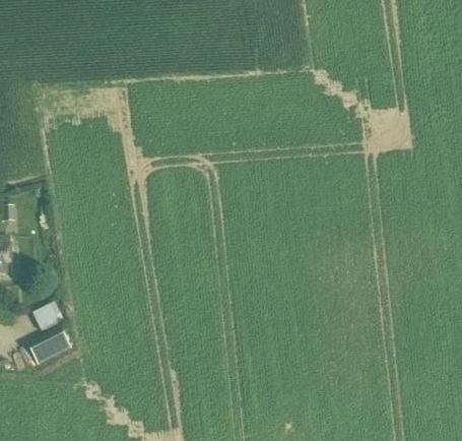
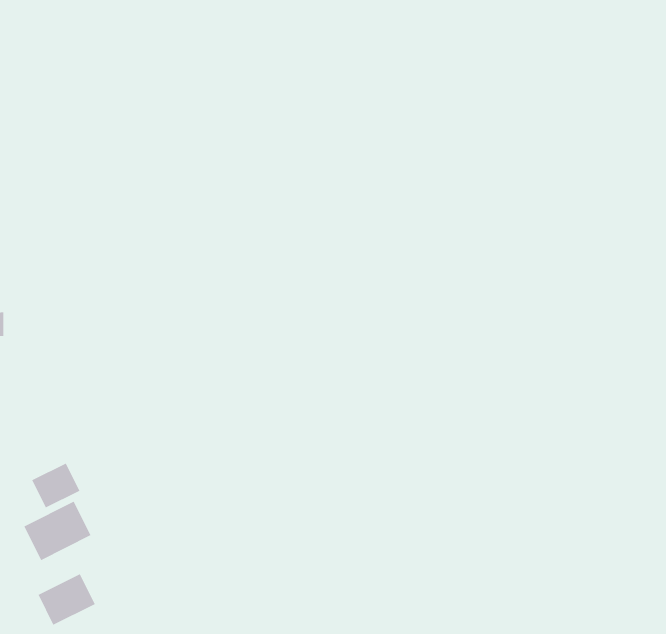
building: none -> [37,573,96,626]

